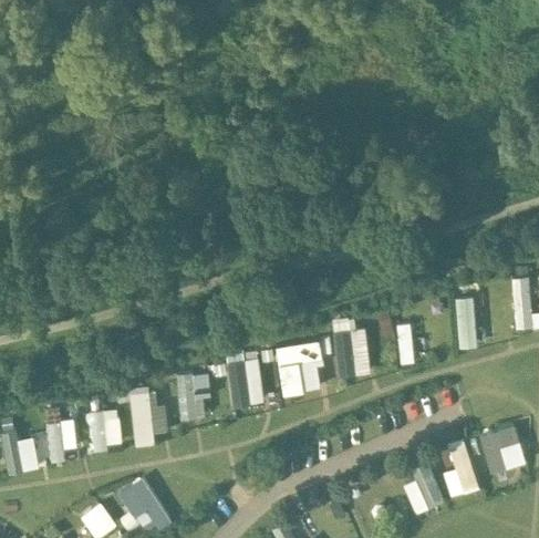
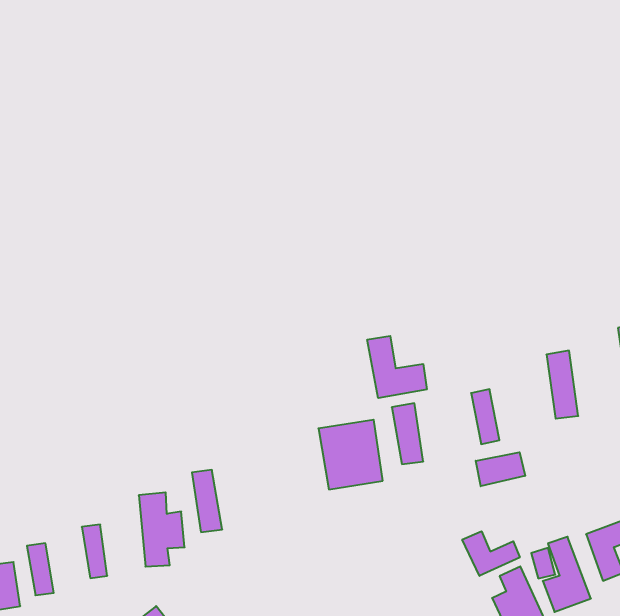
building: none -> [367,336,427,398]
building: [227,360,251,407] -> none
building: none -> [476,452,525,486]
building: none -> [462,531,520,576]

